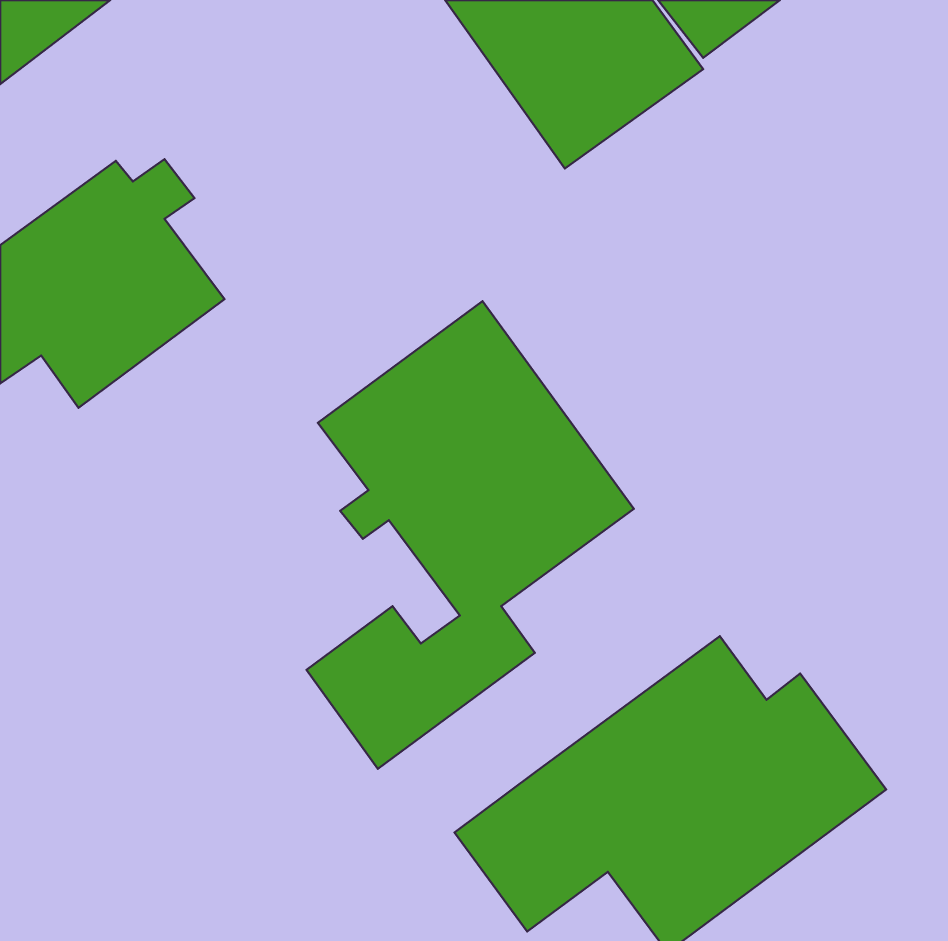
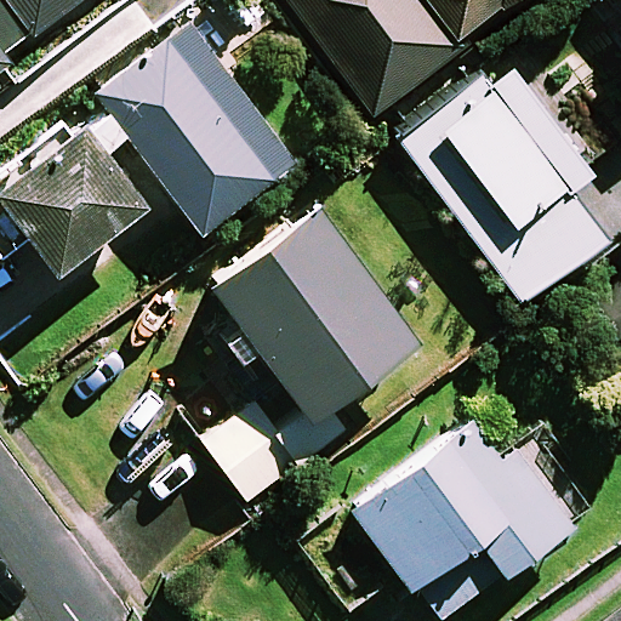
building: none -> [96,23,295,234]
building: none -> [401,57,603,300]

